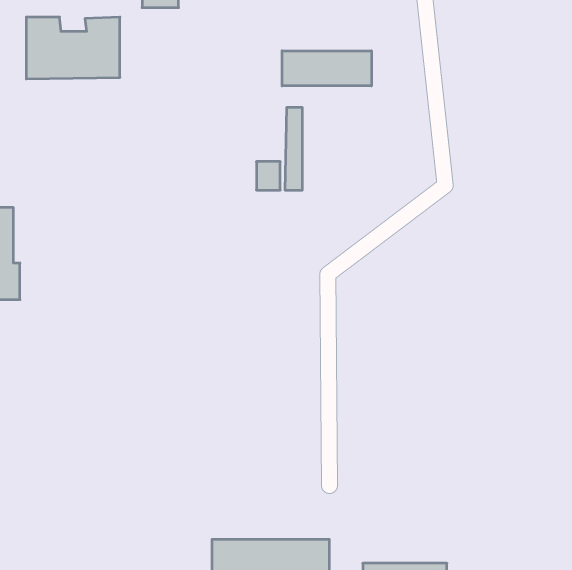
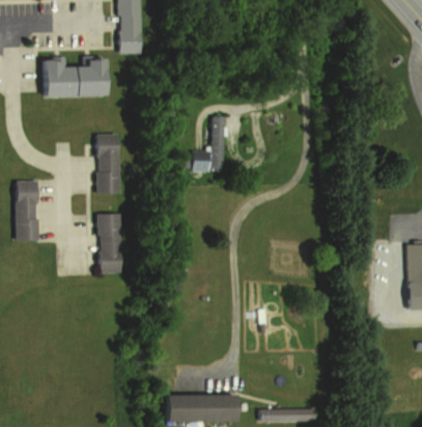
building: [282,51,371,86] -> none
building: none -> [96,130,121,195]
building: none -> [97,214,123,273]

